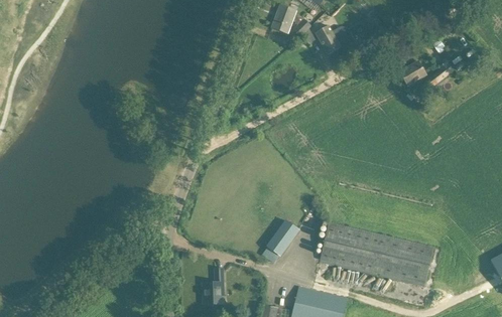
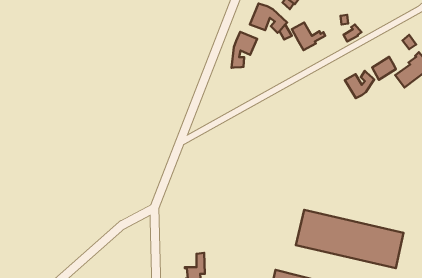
building: none -> [232,32,257,68]
building: none -> [345,71,374,98]
building: [262,219,300,264] -> none

